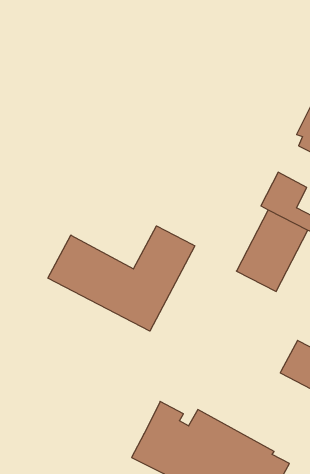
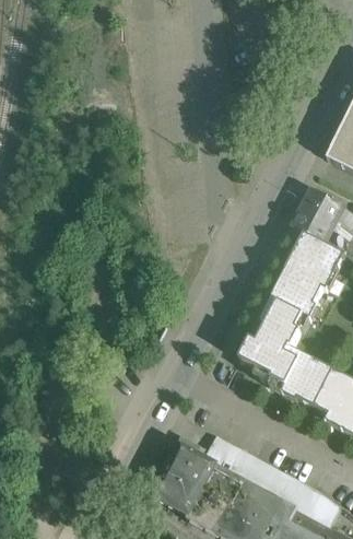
building: [48,226,195,331] -> none
building: none -> [232,294,331,401]

